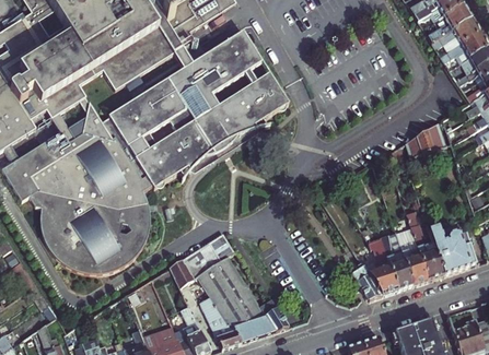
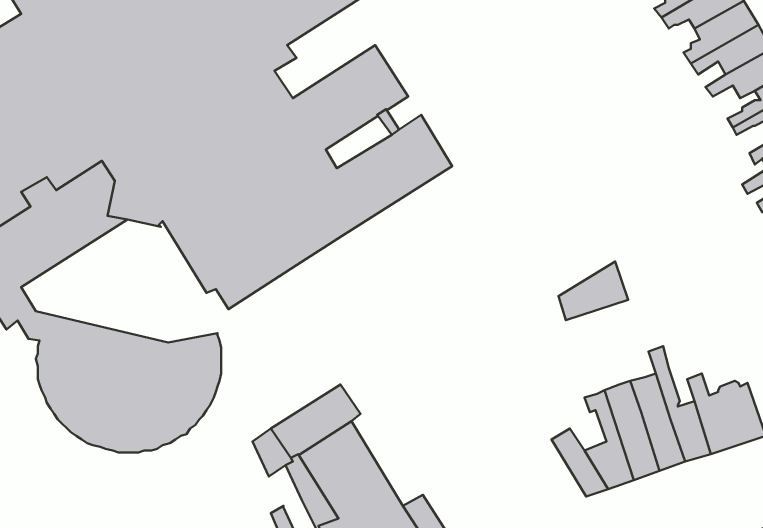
building: [405,120,446,155] -> [558,261,628,320]
building: [32,133,153,206] -> none

